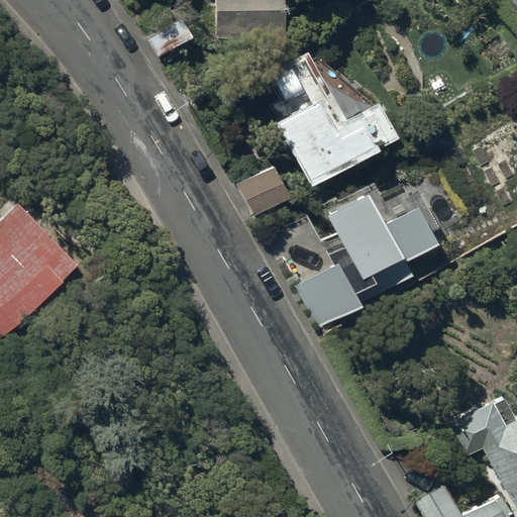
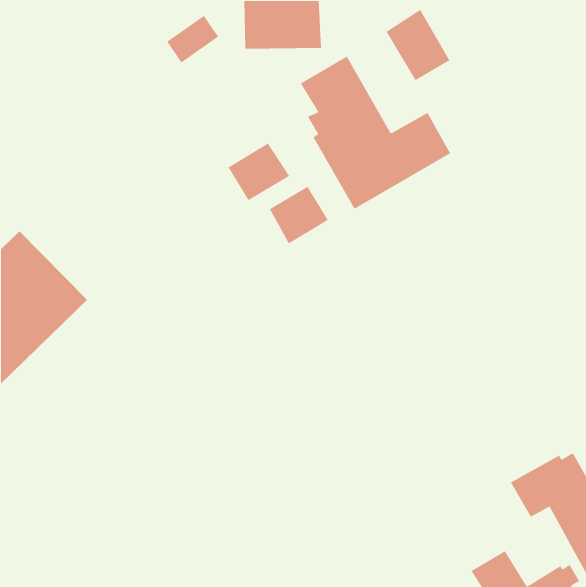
building: none -> [386,9,451,81]
building: none -> [228,142,290,201]
building: [297,190,438,329] -> none

